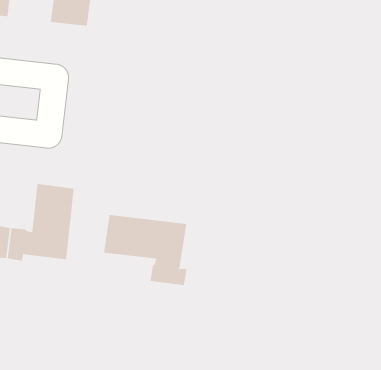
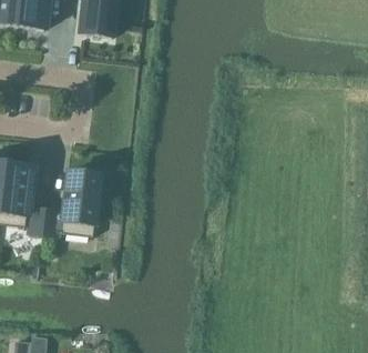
building: [103,214,187,286] -> none

